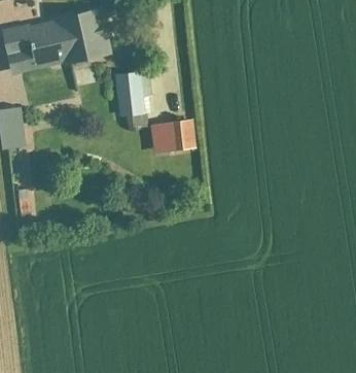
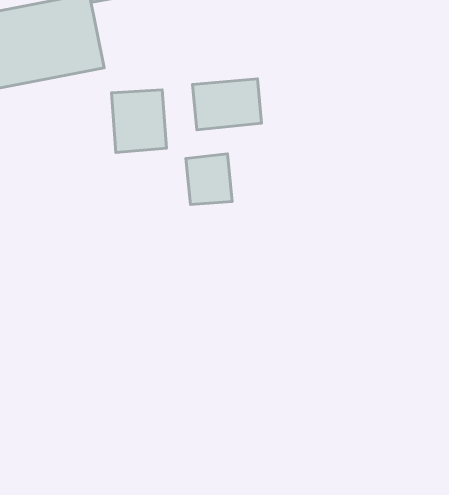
building: none -> [193,79,262,130]

